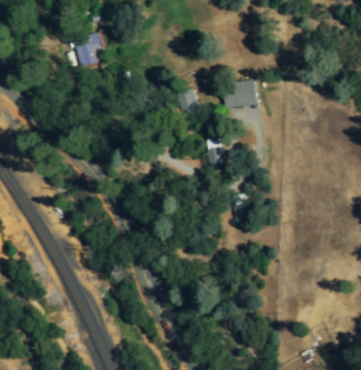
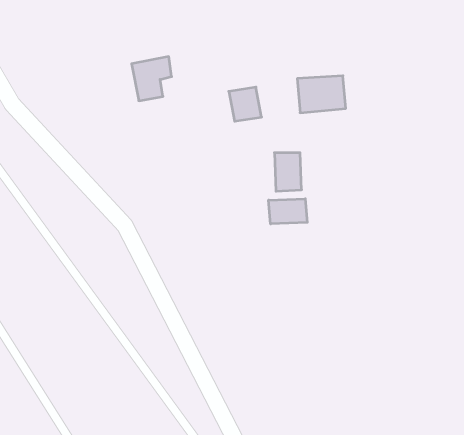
building: [74,34,103,66] -> [132,57,172,101]
building: none -> [269,199,307,224]

